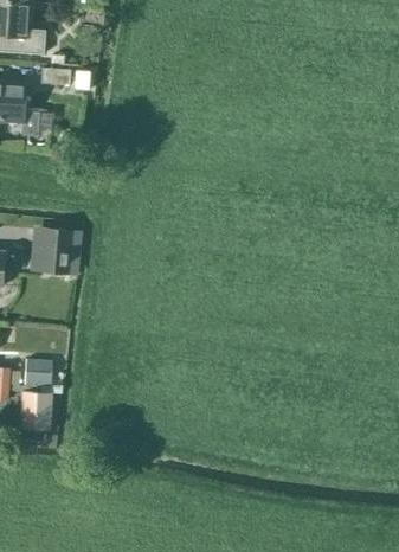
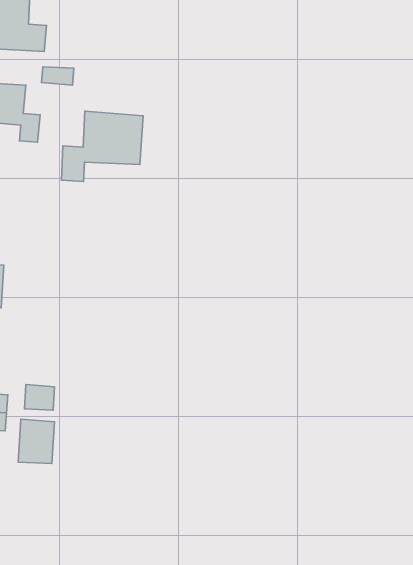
building: none -> [61,111,143,182]
building: [39,229,73,276] -> none

